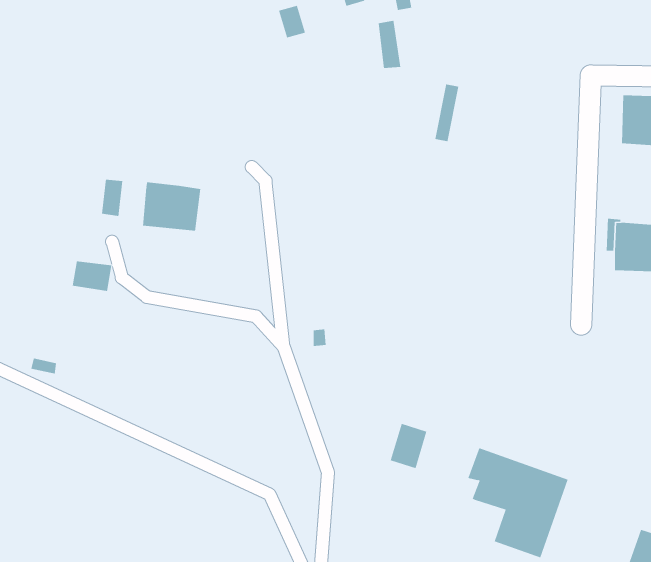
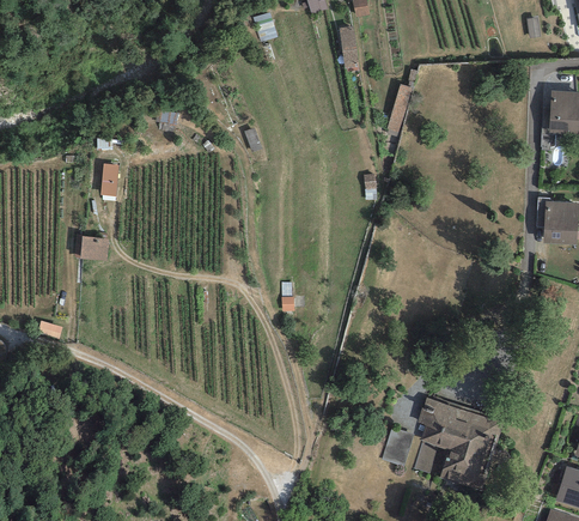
building: [143,181,201,232] -> none
building: [390,423,427,469] -> [380,426,413,466]
building: none -> [413,441,449,477]

